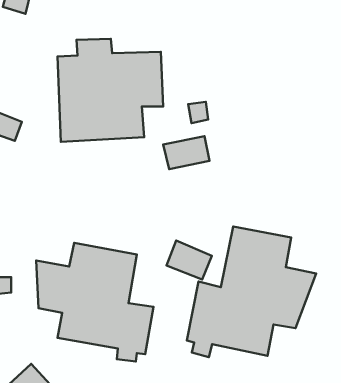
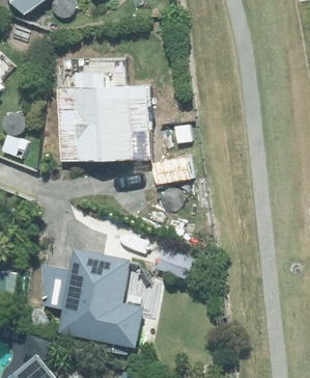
building: [187,227,316,357] -> none

